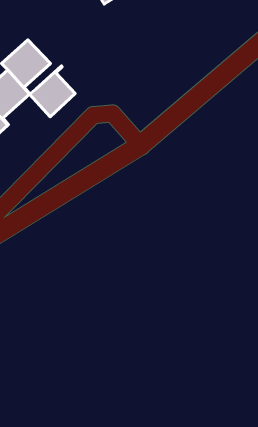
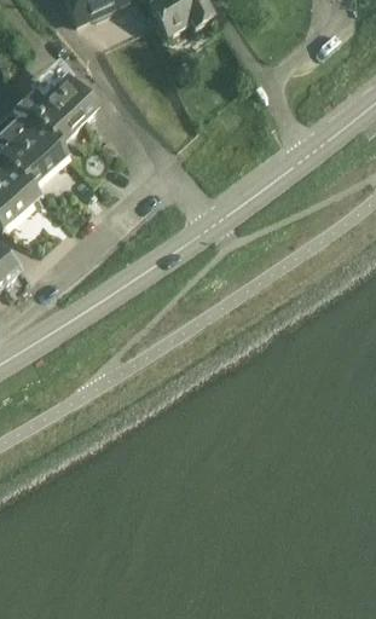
building: [30,66,75,117] -> none

